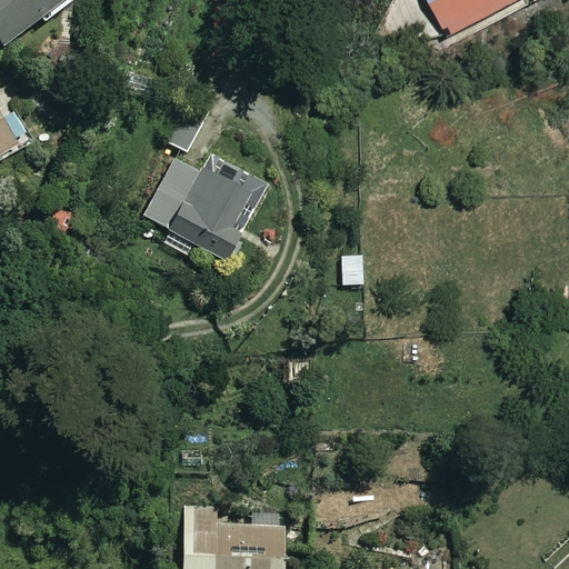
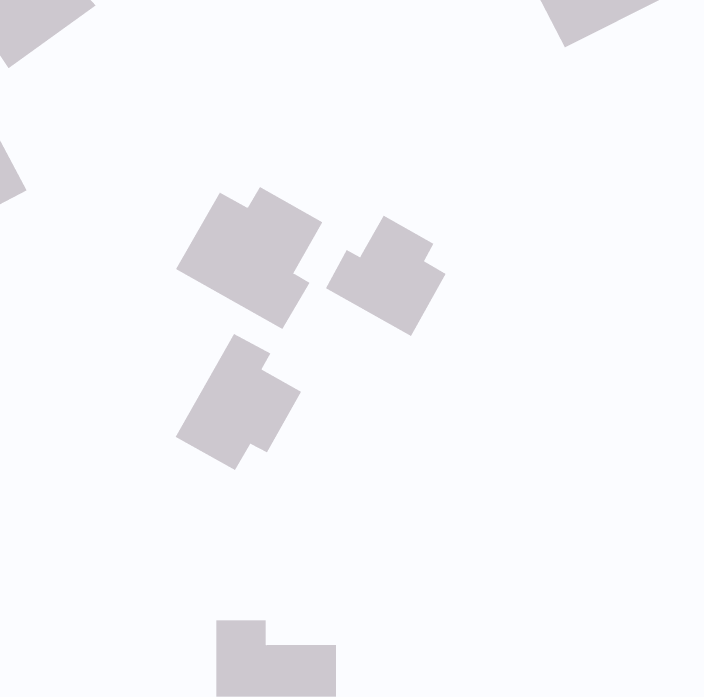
building: none -> [325,215,447,337]
building: none -> [175,333,302,471]

